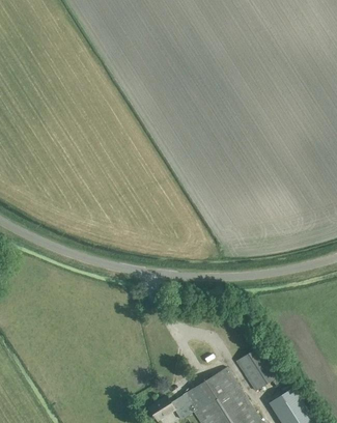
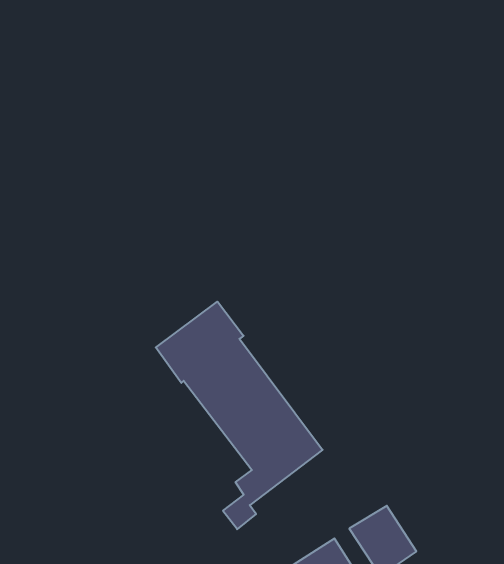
building: none -> [156,302,323,529]

